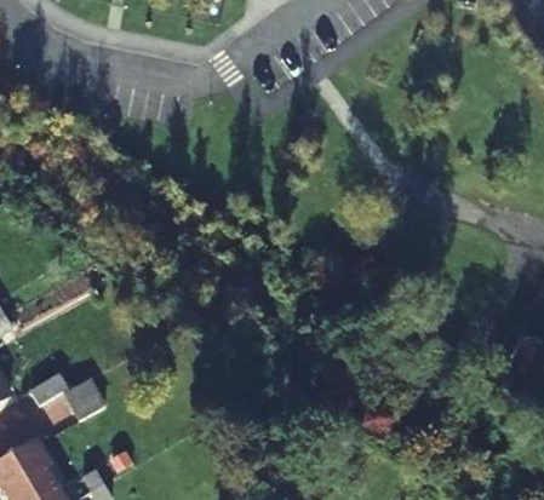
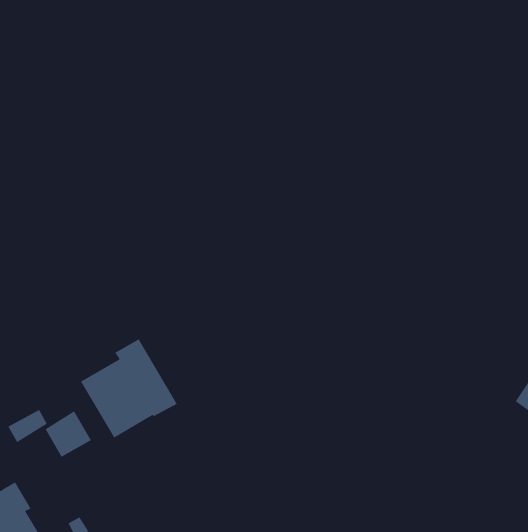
building: none -> [80,339,178,438]

